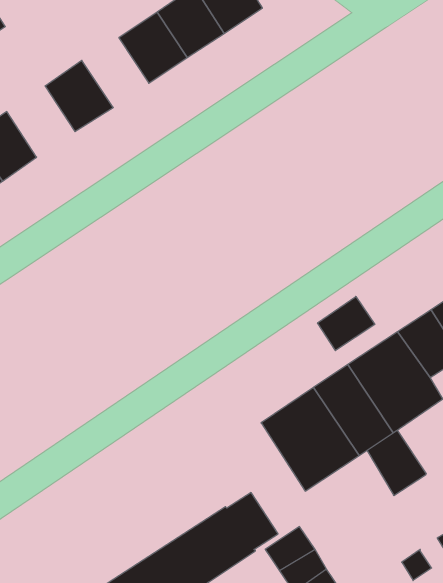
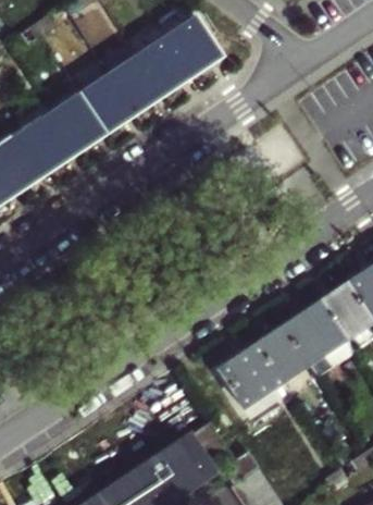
building: none -> [78,76,129,130]
building: none -> [21,113,73,168]
building: [318,296,375,351] -> none
building: [367,430,426,496] -> none

